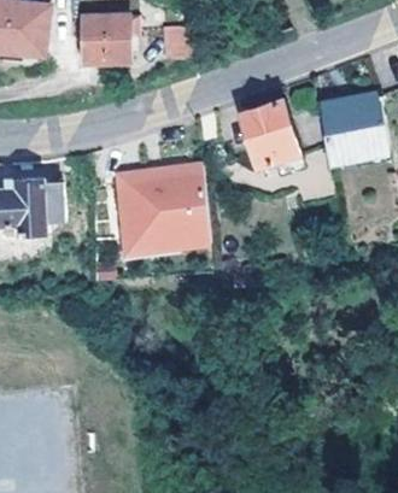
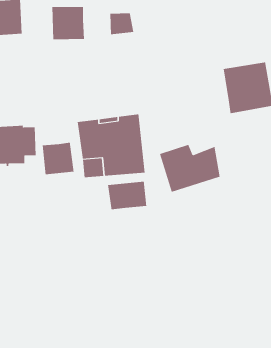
building: [241,100,326,166] -> [159,144,220,193]
building: none -> [42,142,74,175]
building: none -> [107,181,147,210]

